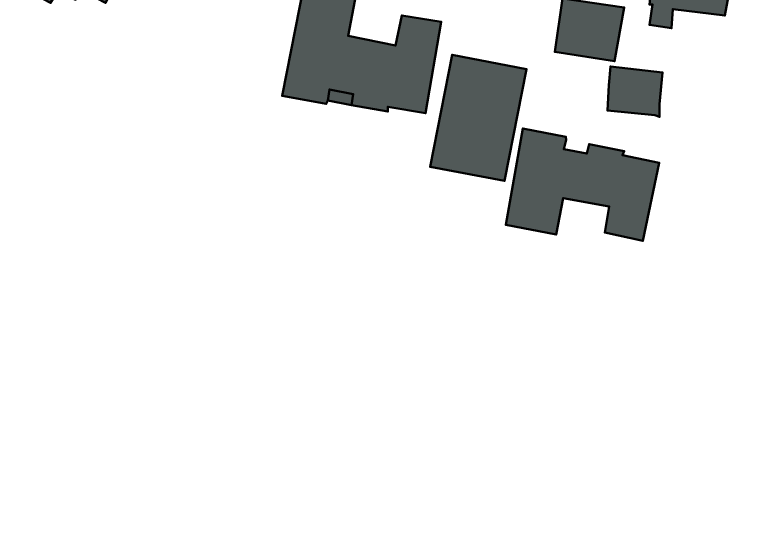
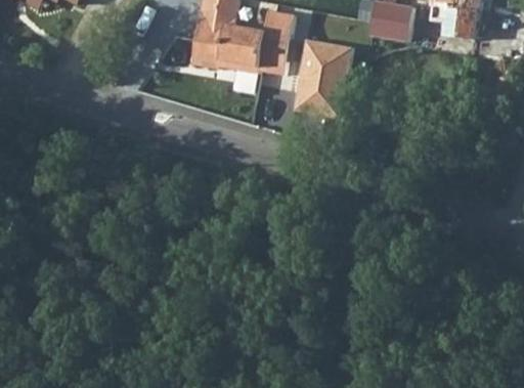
building: [607,66,663,117] -> [442,7,478,40]
building: [506,128,659,241] -> none

